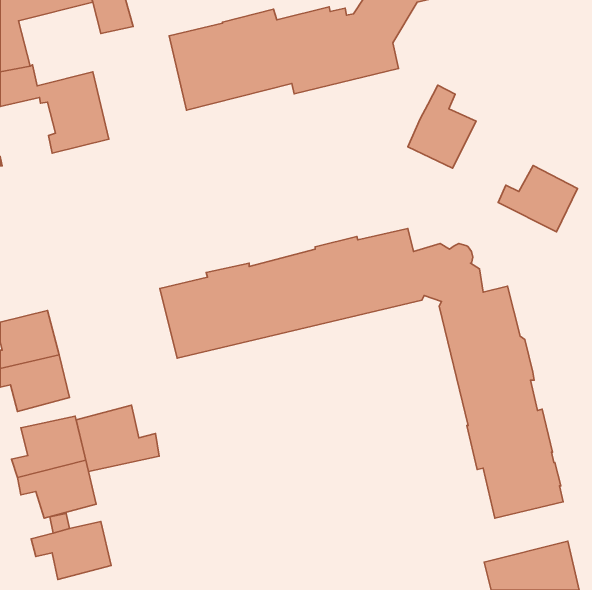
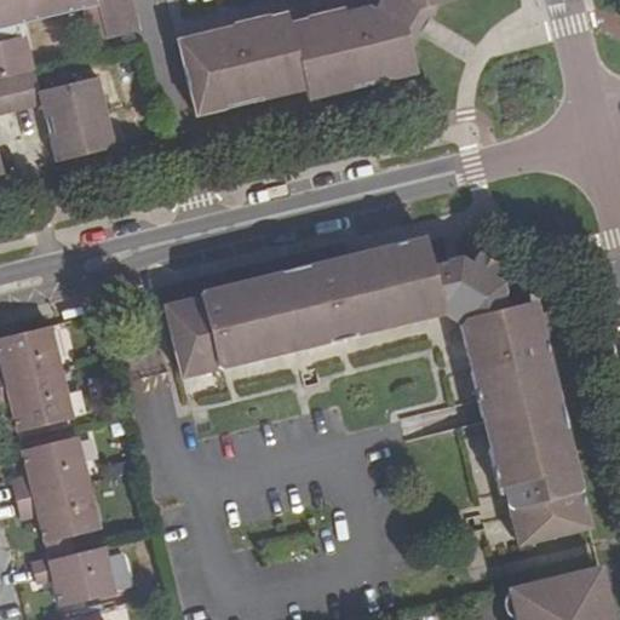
building: [408,85,476,168] -> none
building: [498,166,577,232] -> none
building: [76,405,159,471] -> none

